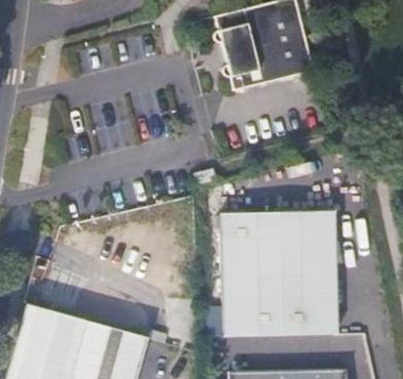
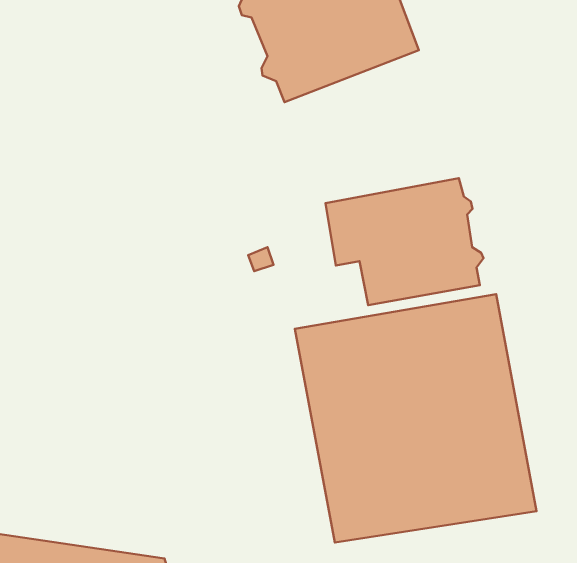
building: none -> [325,178,483,305]

